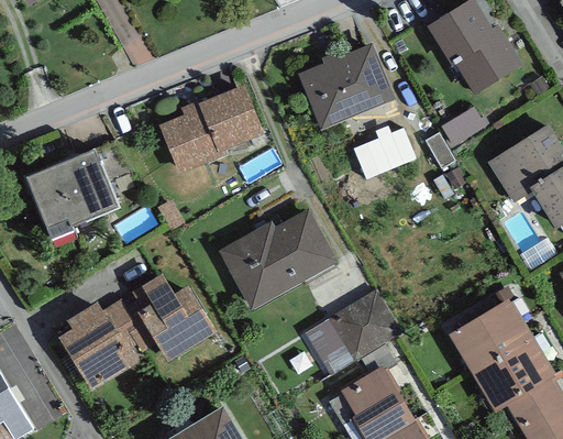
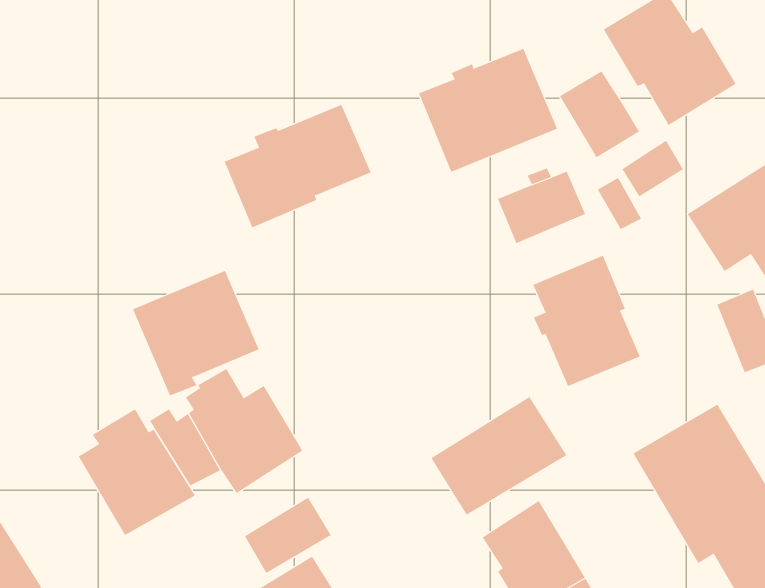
building: none -> [559,71,640,158]
building: [26,146,117,235] -> [132,270,260,396]
building: none -> [533,255,641,387]
building: [219,205,340,308] -> none
building: none -> [244,497,331,574]

